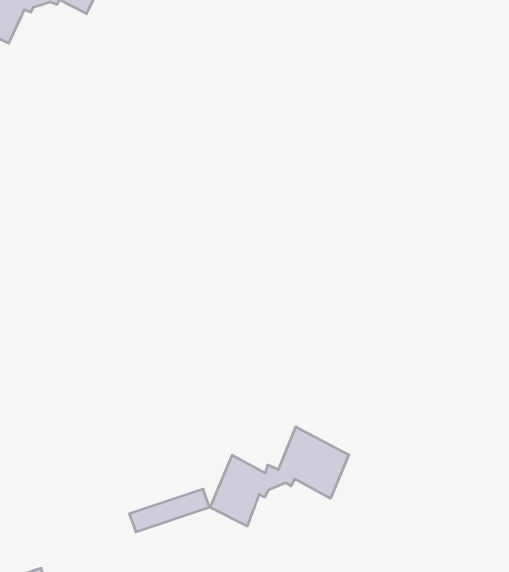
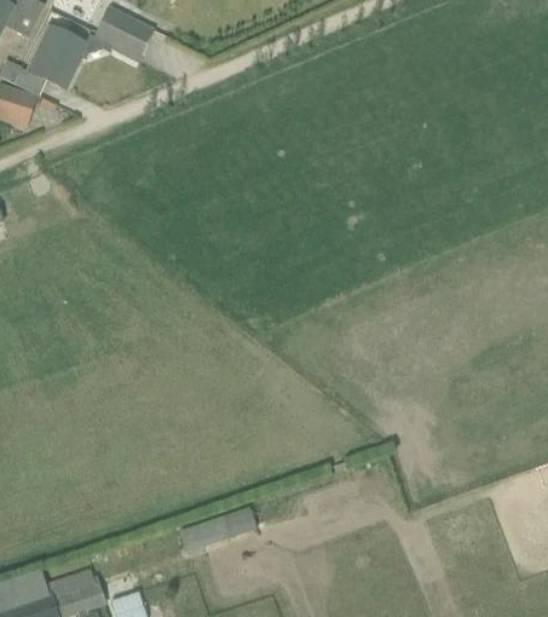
building: [210,427,349,526] -> none

